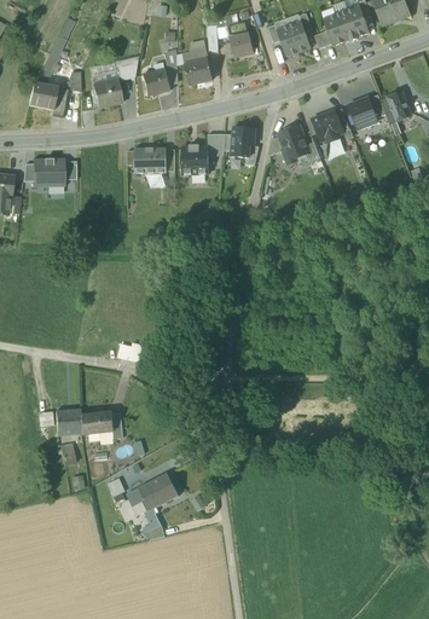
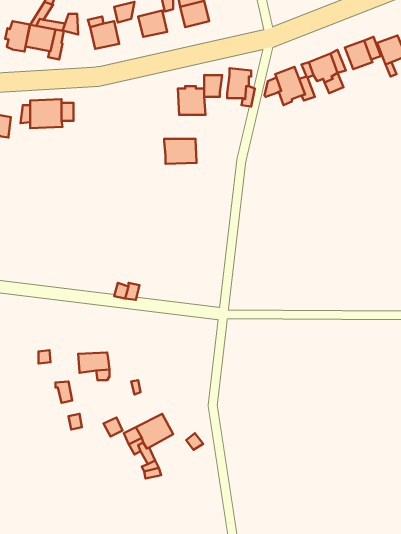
building: none -> [5,21,30,51]
building: [134,147,167,173] -> [164,139,197,164]
building: [56,409,82,433] -> none

